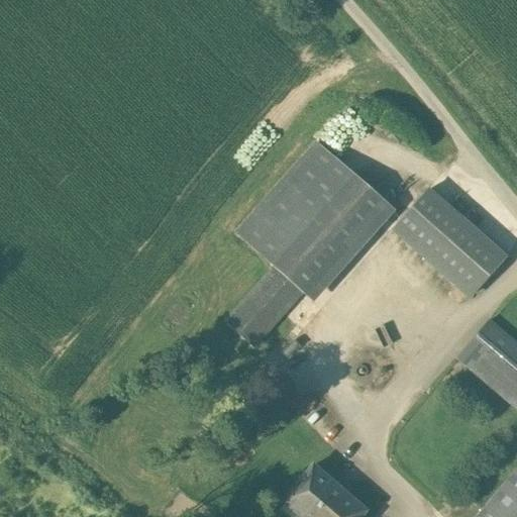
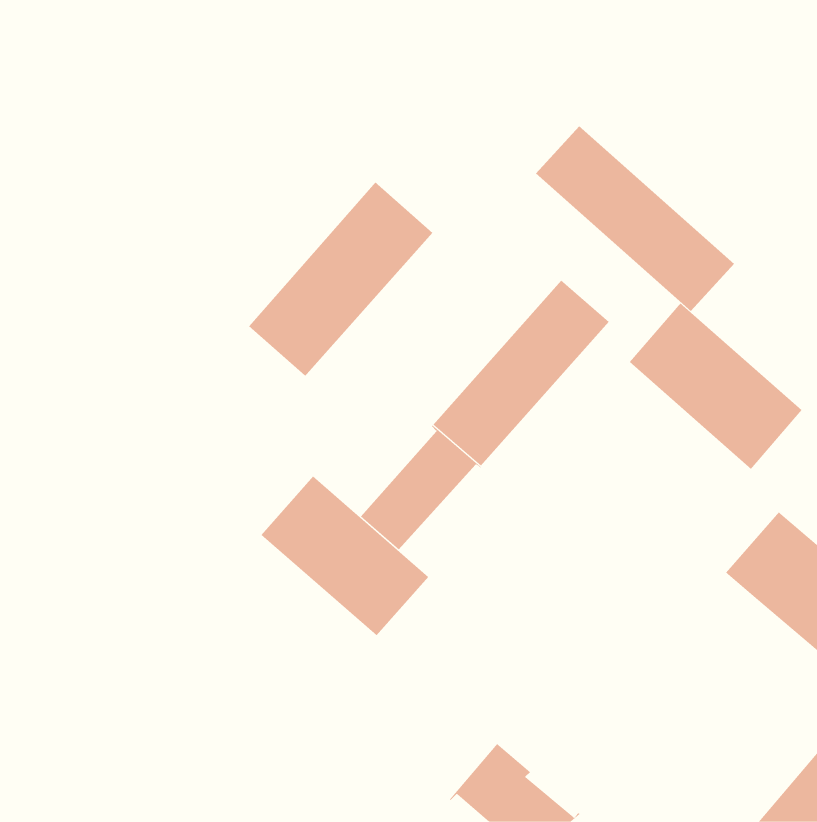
building: none -> [535,125,735,312]
building: [239,143,355,267] -> [248,181,433,378]
building: none -> [260,475,429,636]

